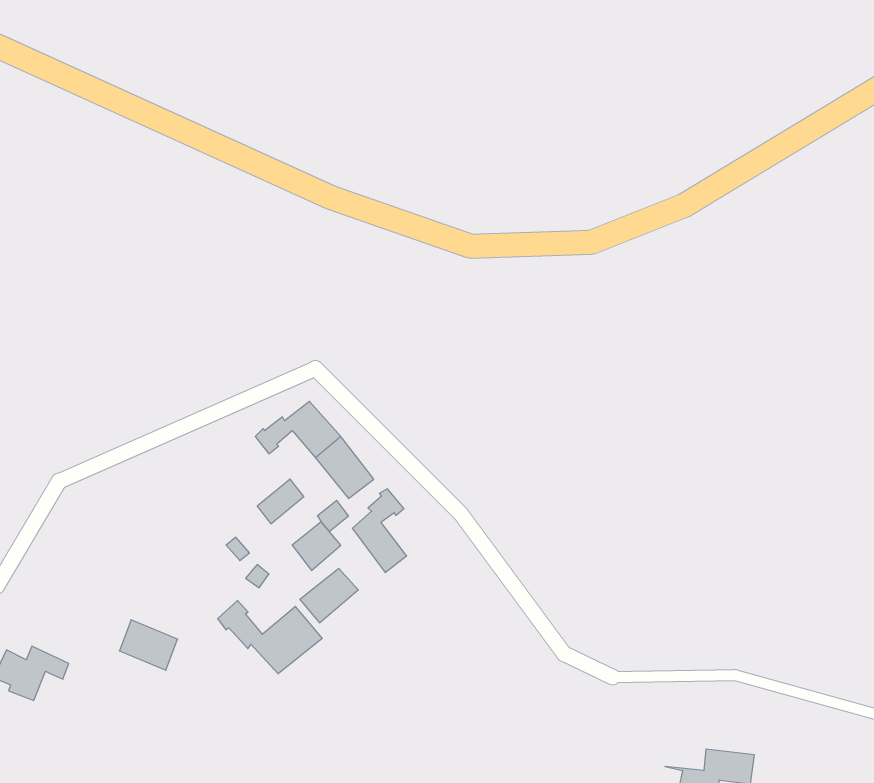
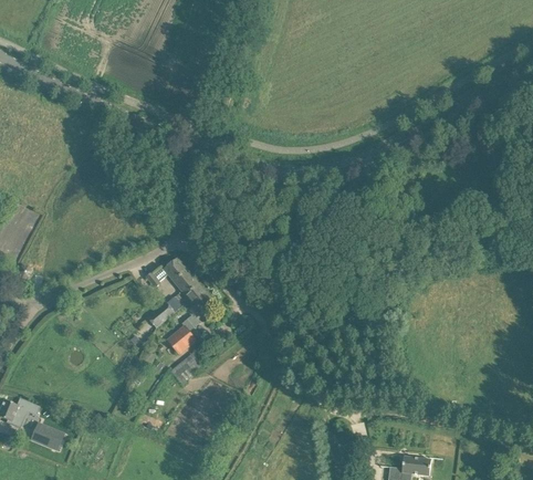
building: [352,489,407,573] -> none
building: [218,600,322,674] -> none
building: [119,620,178,670] -> [31,421,64,450]

